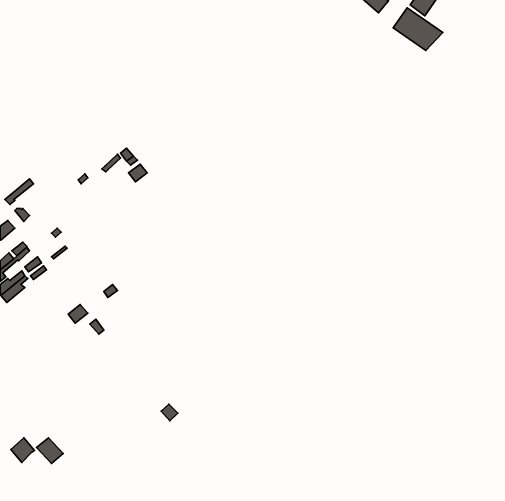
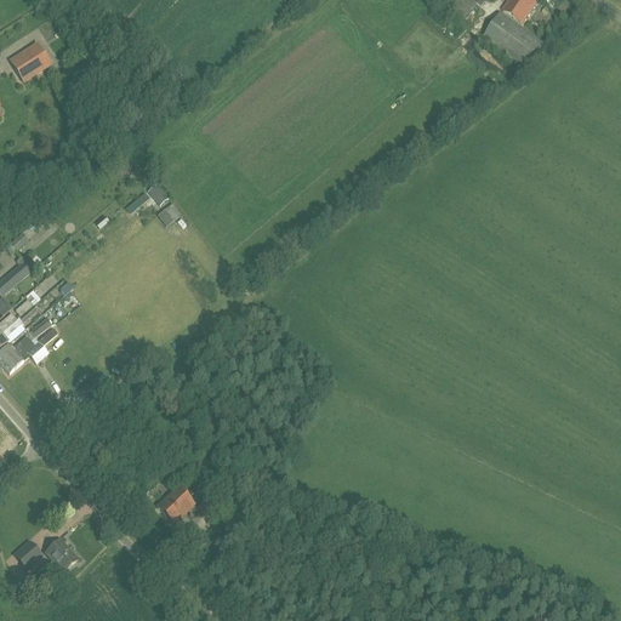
building: none -> [10,41,50,79]
building: none -> [156,483,194,522]

